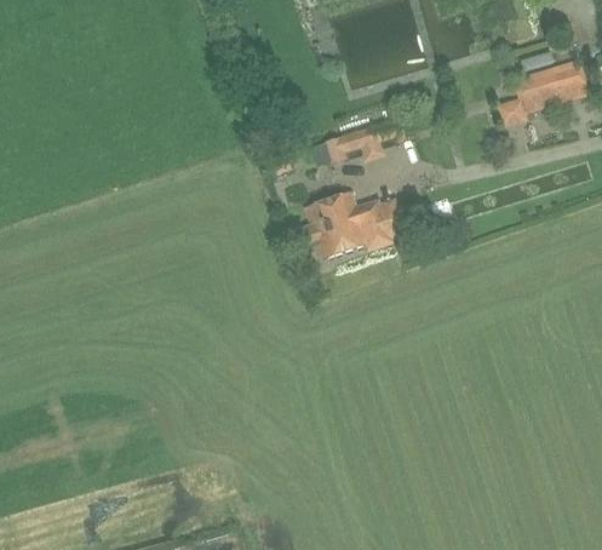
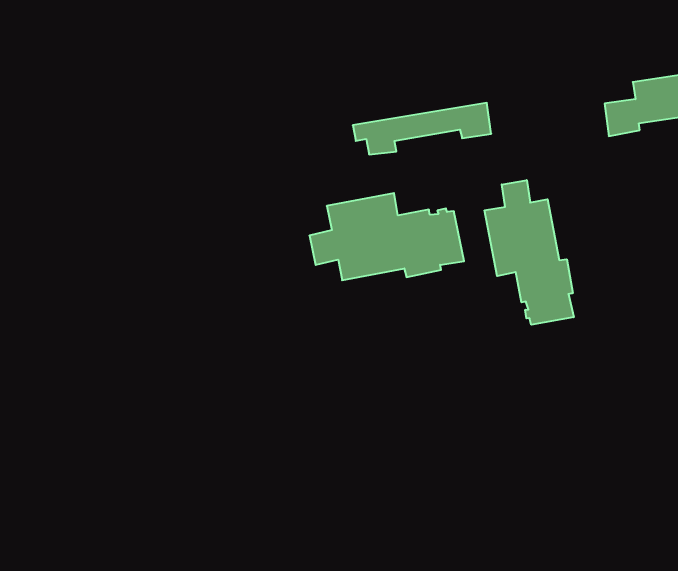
building: none -> [485,180,574,325]

